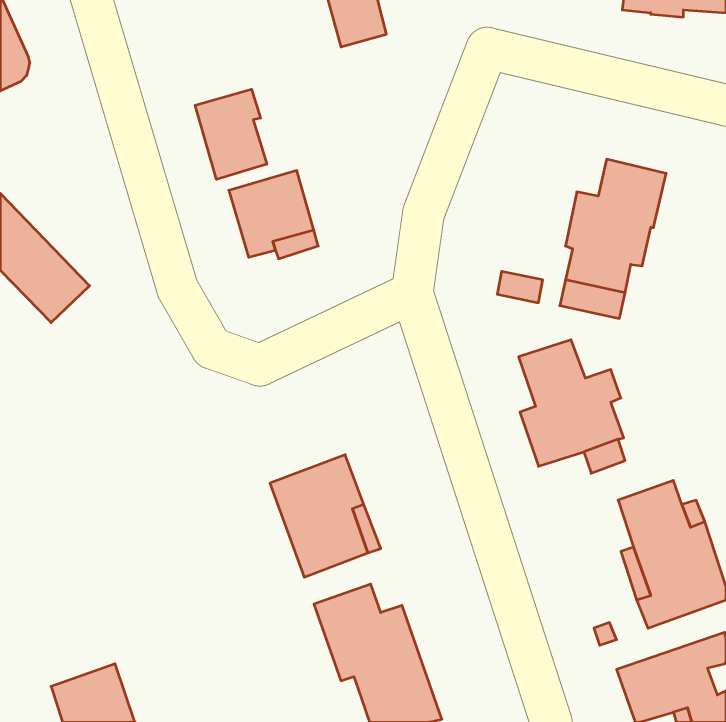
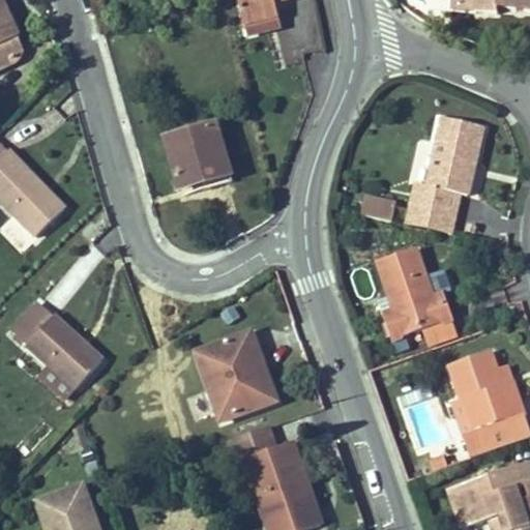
building: [195,89,267,179] -> none
building: none -> [13,302,104,398]

